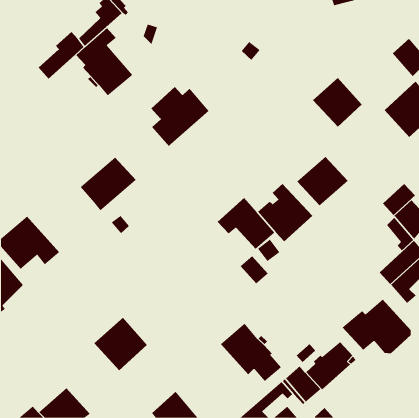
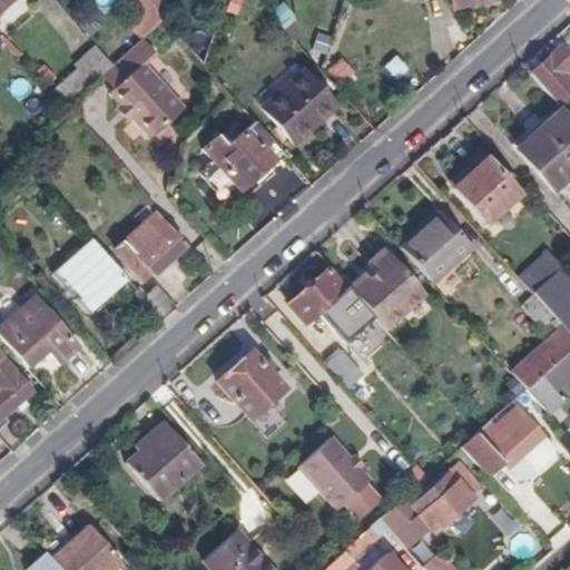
building: none -> [266,68,338,140]
building: [312,77,362,127] -> [453,156,521,224]
building: none -> [55,236,128,309]
building: none -> [217,352,285,420]

